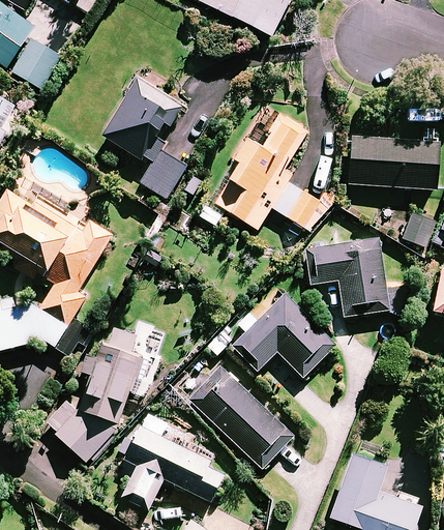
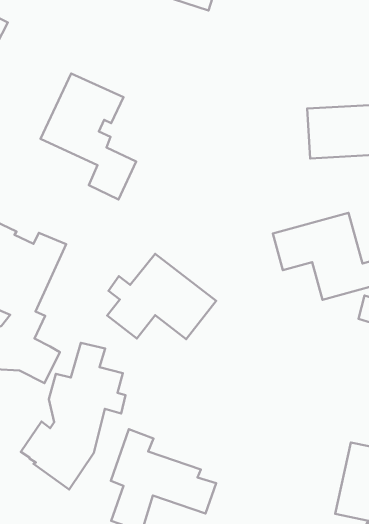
building: [212,114,328,232] -> none
building: [233,294,335,377] -> [107,254,216,339]
building: [189,366,293,468] -> none

